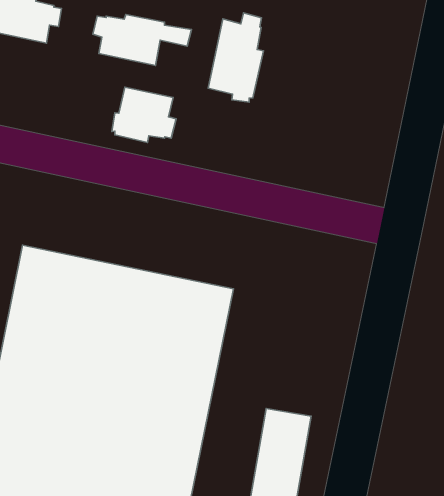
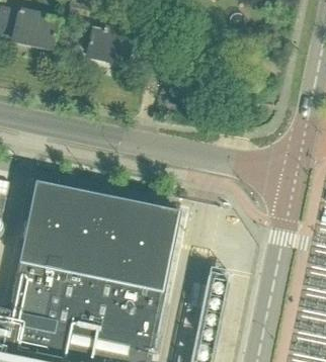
building: [208,13,263,102] -> none
building: [112,87,176,142] -> none

